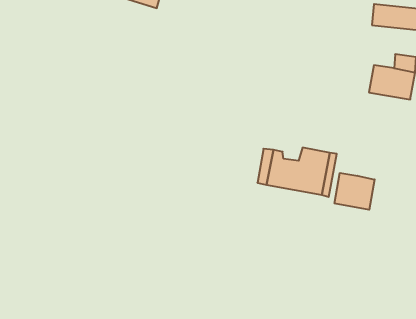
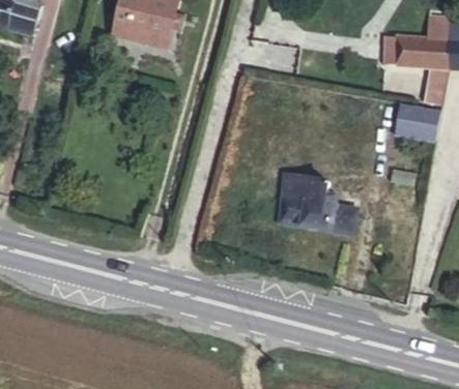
building: none -> [282,169,325,200]
building: [335,173,375,210] -> none

